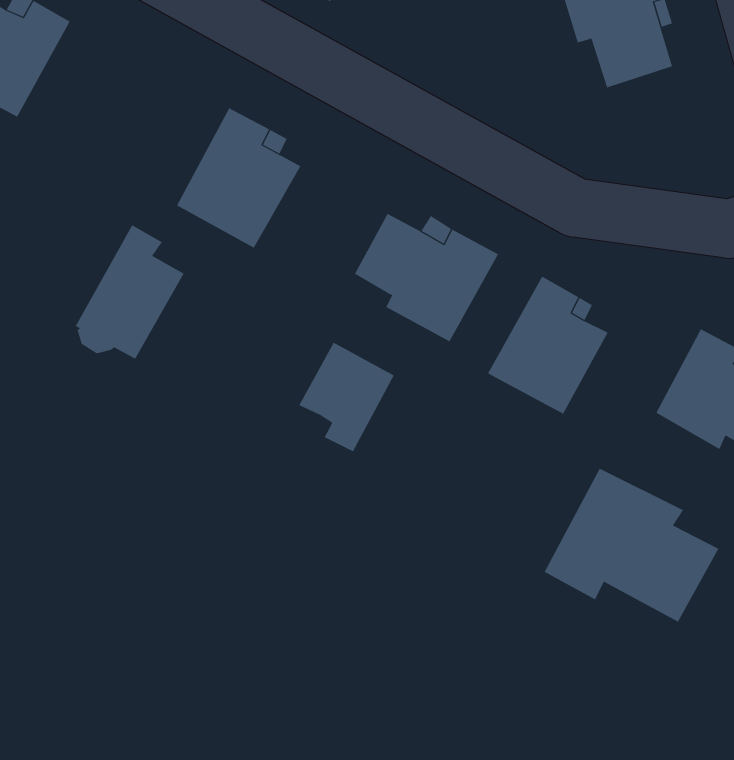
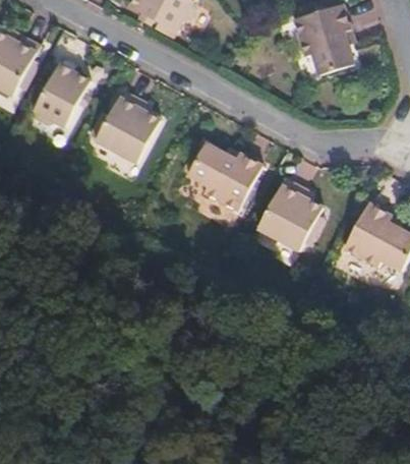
building: [75,225,185,360] -> [33,56,90,126]
building: [299,342,394,452] -> none
building: [544,468,719,622] -> none

